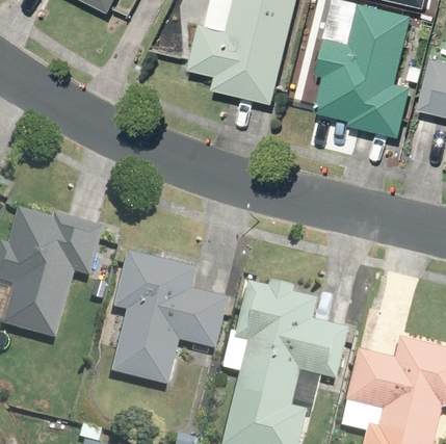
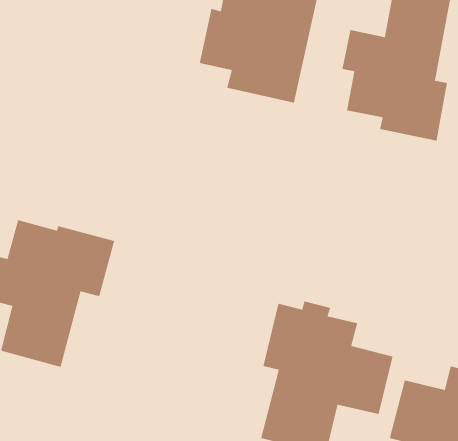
building: [112,250,230,384] -> none

